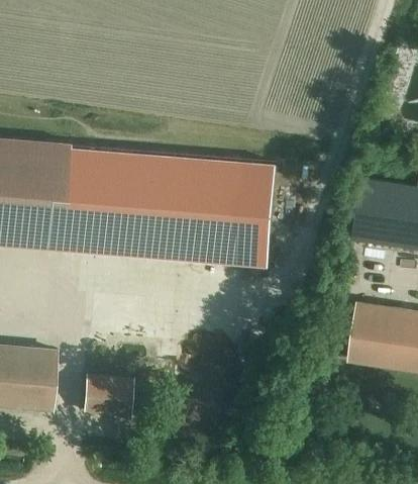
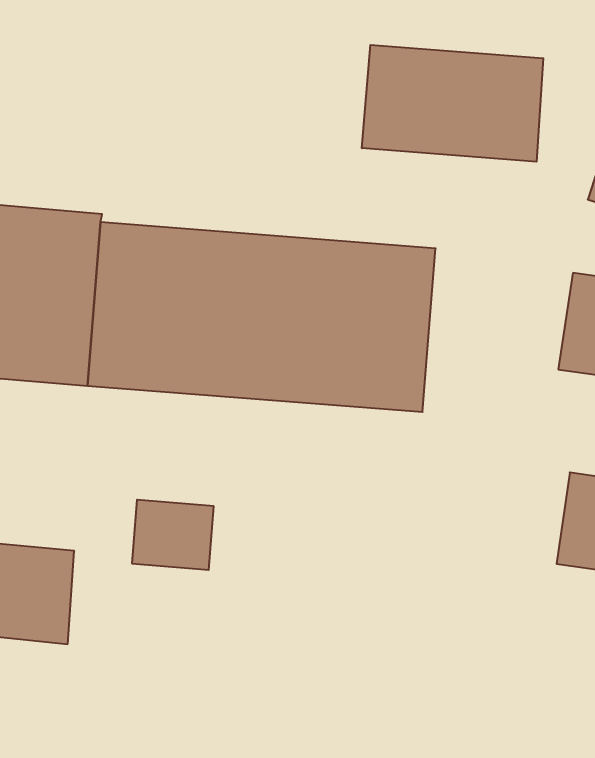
building: none -> [362,45,543,162]
building: [82,375,132,418] -> [132,500,214,570]

